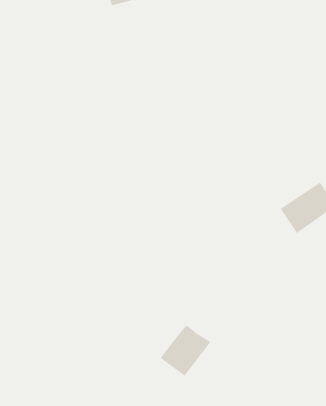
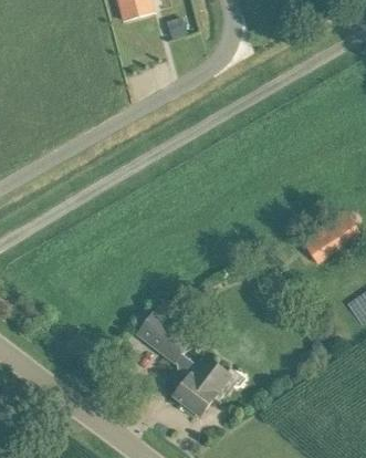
building: none -> [135,304,196,362]

